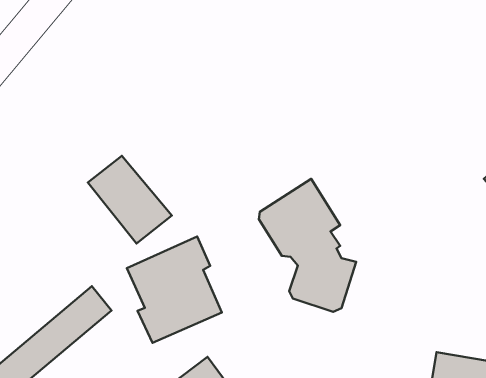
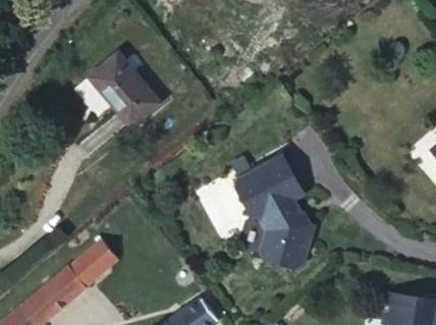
building: [88,156,172,243] -> [89,52,159,125]
building: [127,237,222,343] -> none

